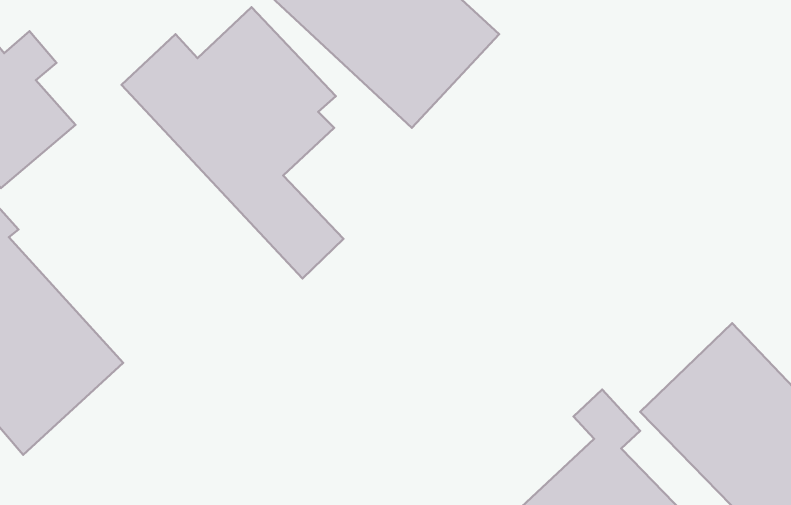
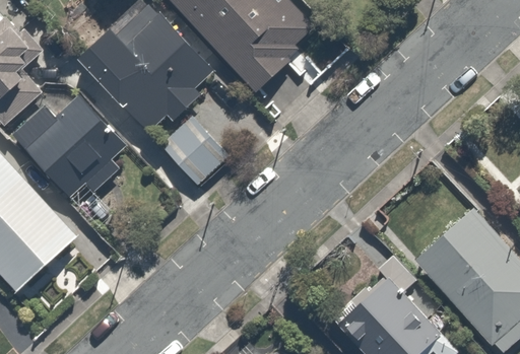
building: none -> [8,86,129,195]

